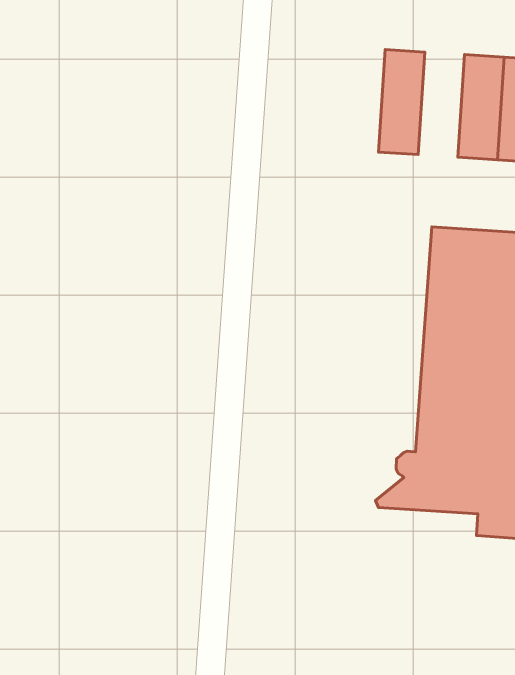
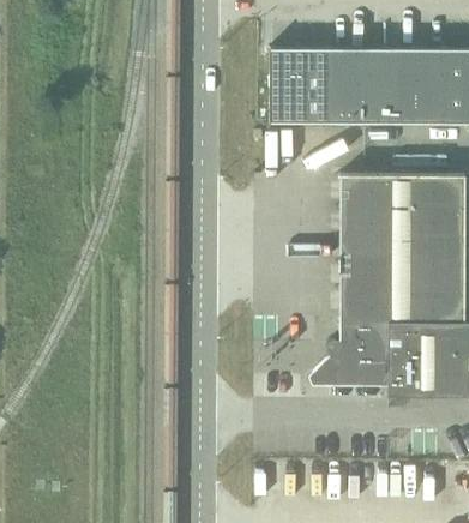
building: none -> [271,48,300,122]
building: none -> [329,48,357,122]

